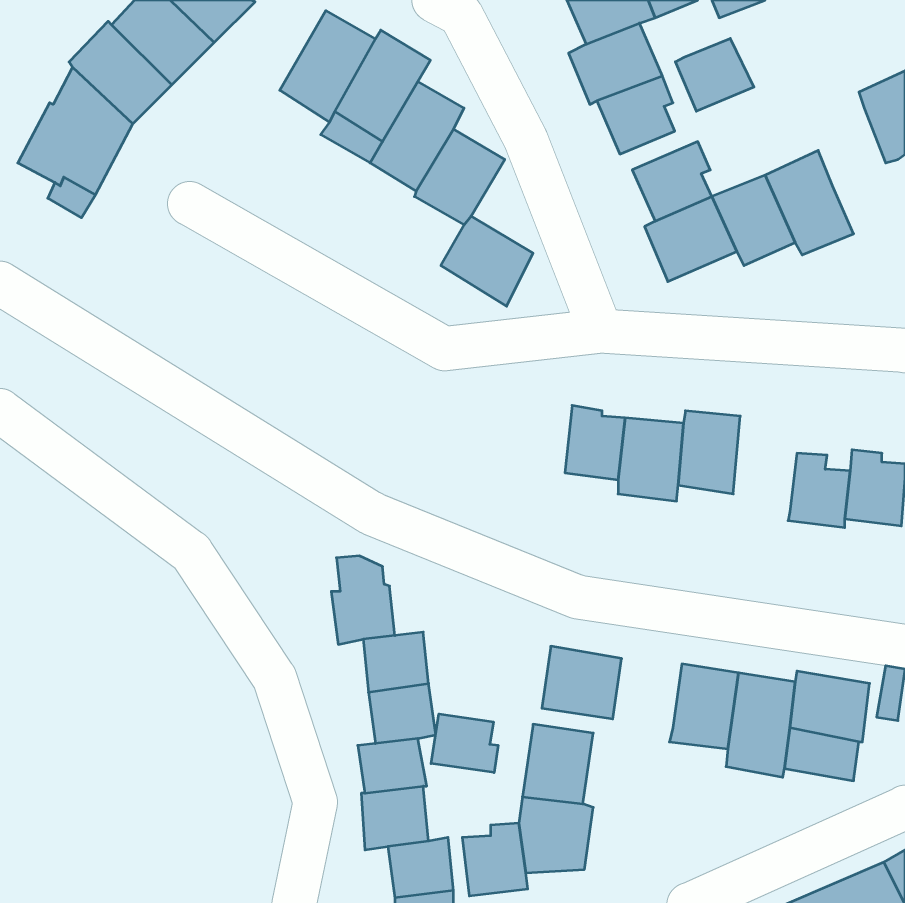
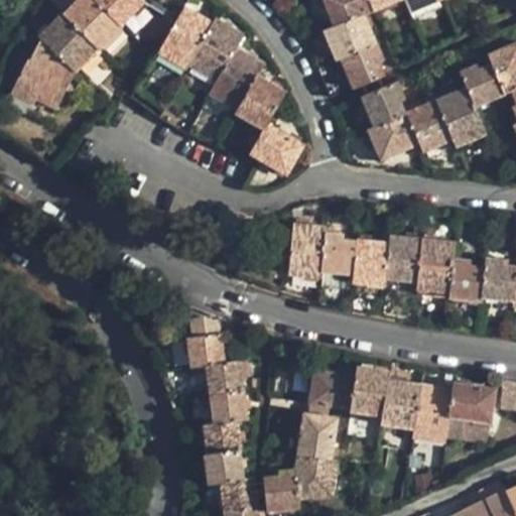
building: [675,38,754,111] -> none
building: none -> [460,62,504,107]
building: none -> [287,224,326,277]
building: none -> [415,238,455,292]
building: none -> [349,366,389,415]
building: [431,714,498,773] -> none

